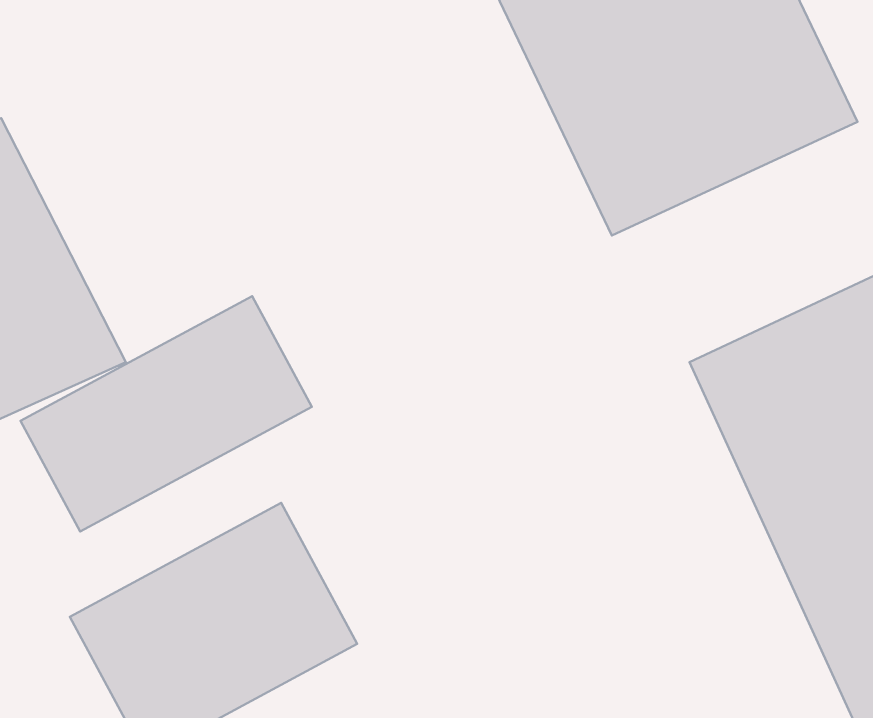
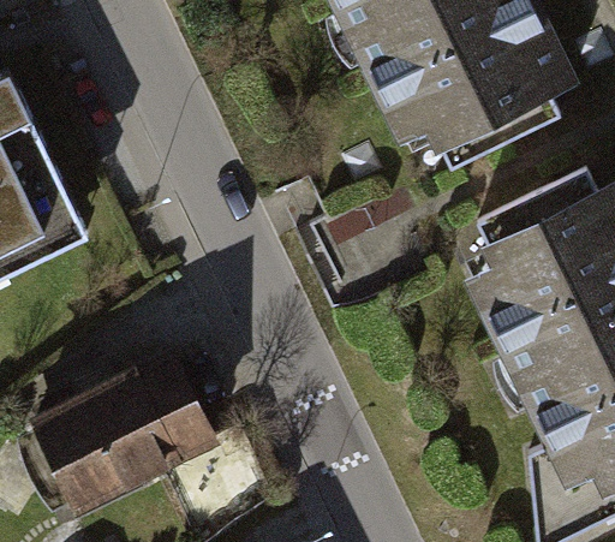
building: [21,296,312,532] -> none

